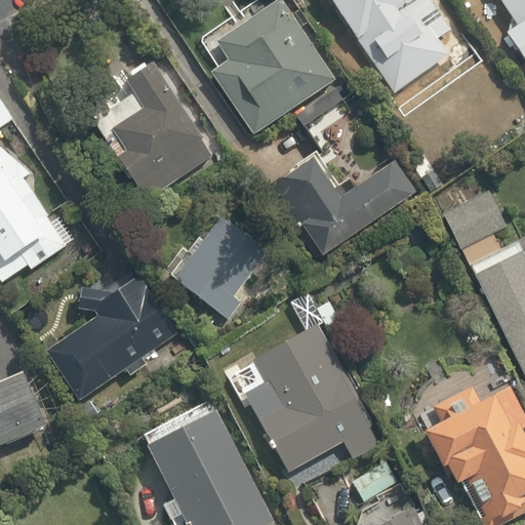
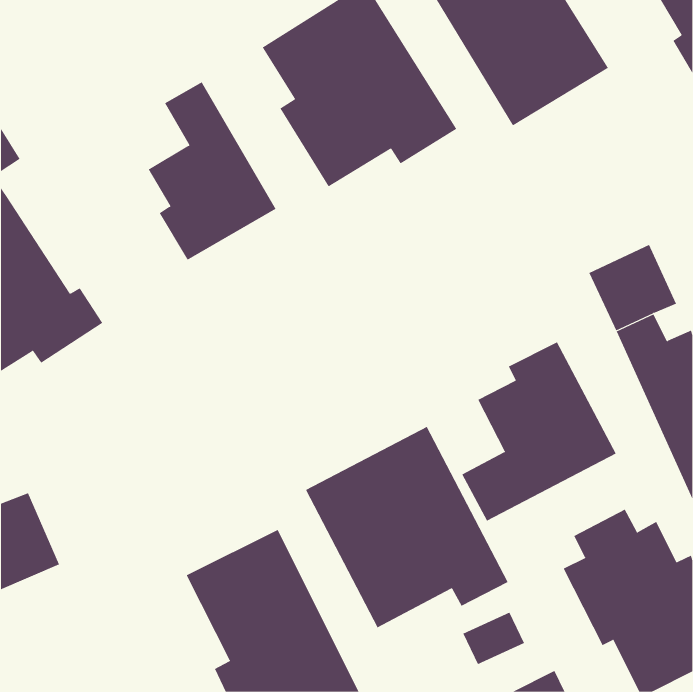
building: [276,157,413,257] -> none
building: [173,213,269,311] -> none
building: none -> [462,341,617,522]
building: [50,266,183,401] -> none

